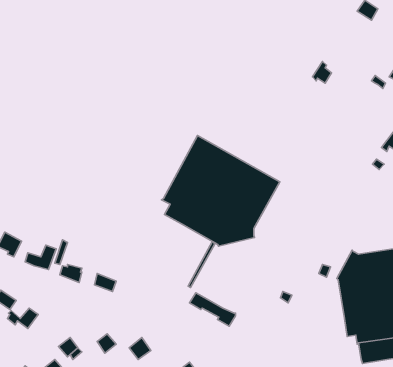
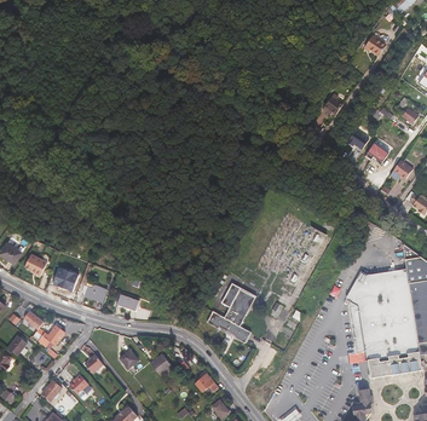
building: [162,135,280,246] -> none
building: none -> [221,283,254,325]

